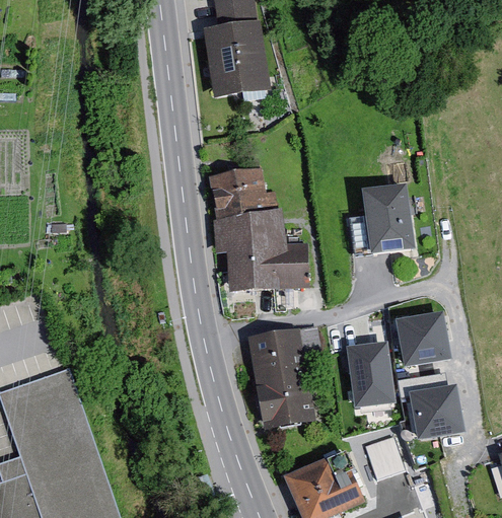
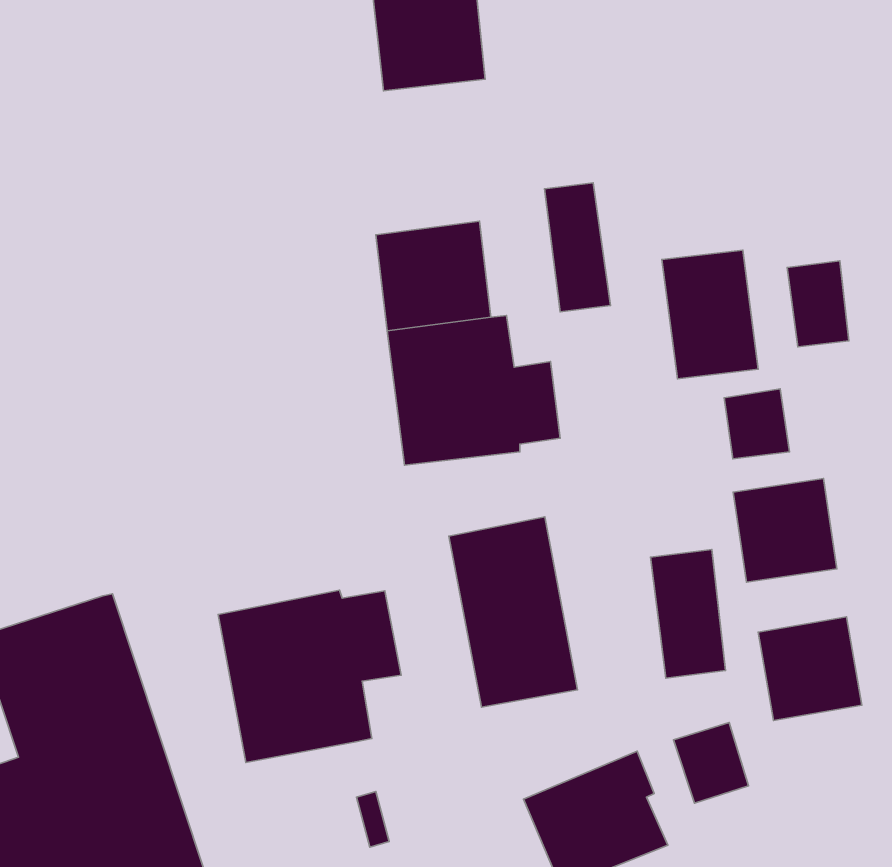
building: none -> [545,183,610,312]
building: none -> [787,261,849,347]
building: none -> [724,389,790,459]
building: none -> [218,590,401,762]

